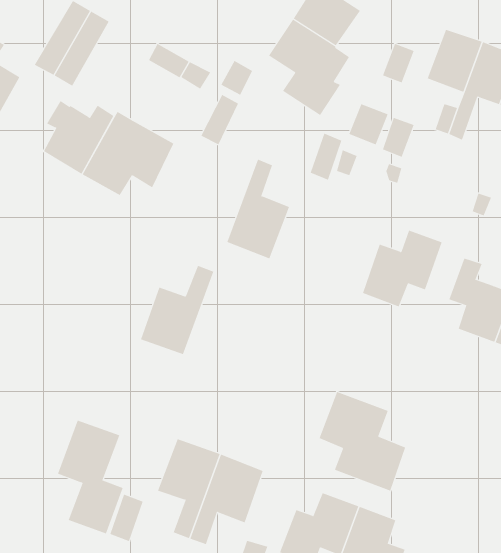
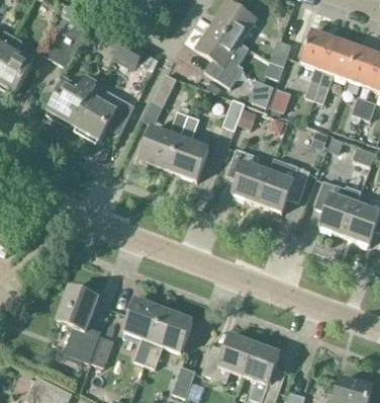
building: none -> [226,147,268,203]
building: [140,265,214,355] -> [139,110,188,169]
building: [319,391,406,492] -> none

